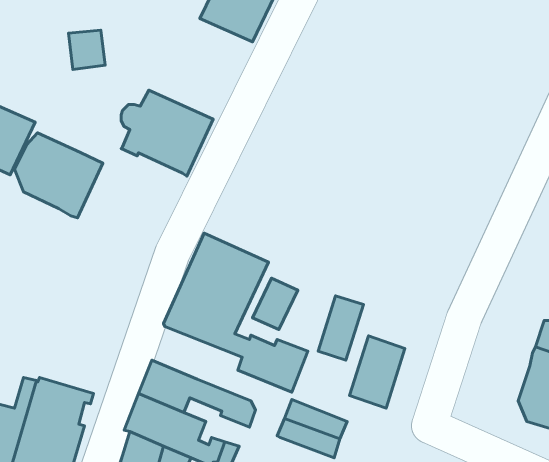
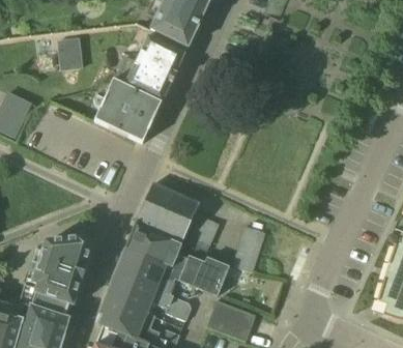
building: none -> [115,34,183,100]
building: [15,133,103,218] -> none
building: none -> [34,234,93,295]
building: none -> [117,248,181,285]
building: [350,336,405,408] -> none

